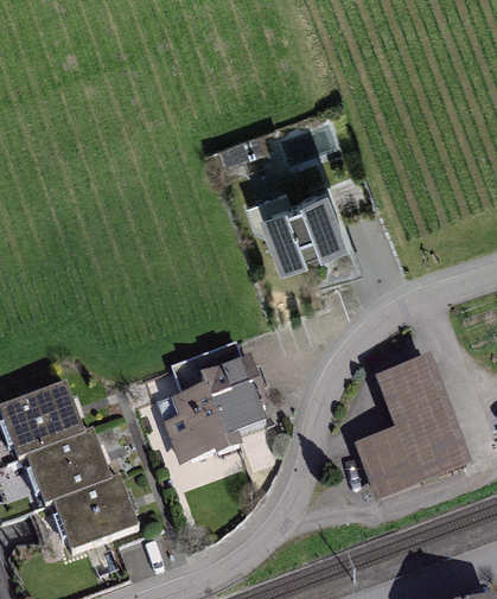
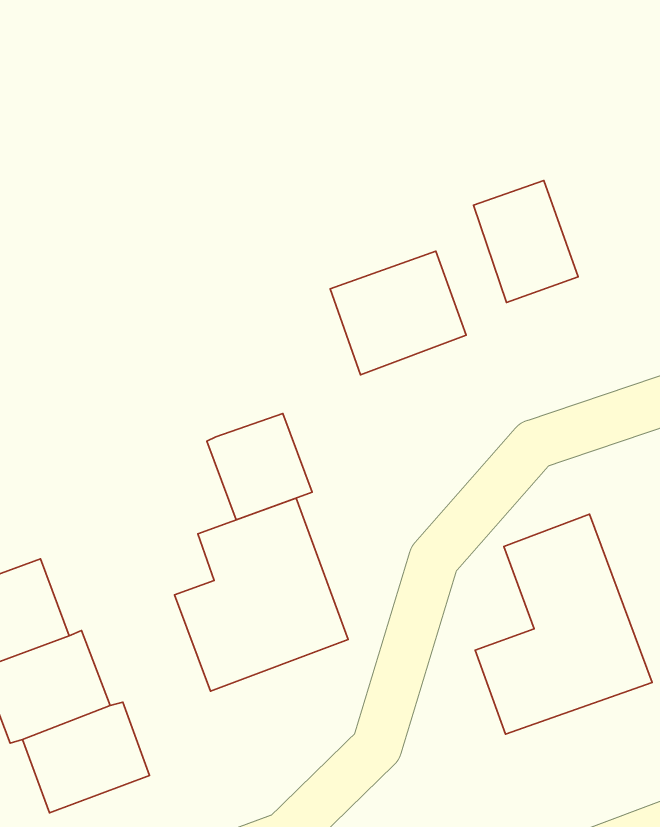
building: none -> [473,181,578,303]
building: none -> [207,413,312,520]

